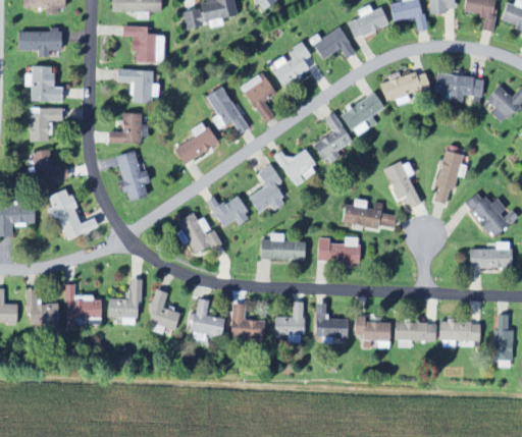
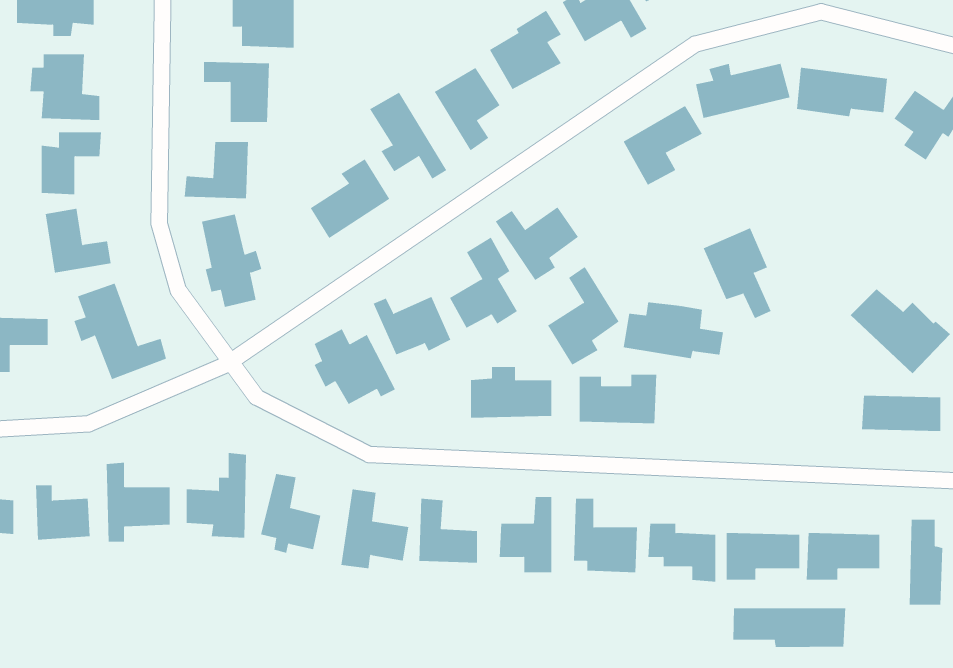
building: [313,112,352,165] -> [547,266,620,365]
building: [435,147,470,205] -> none
building: none -> [733,608,846,648]

